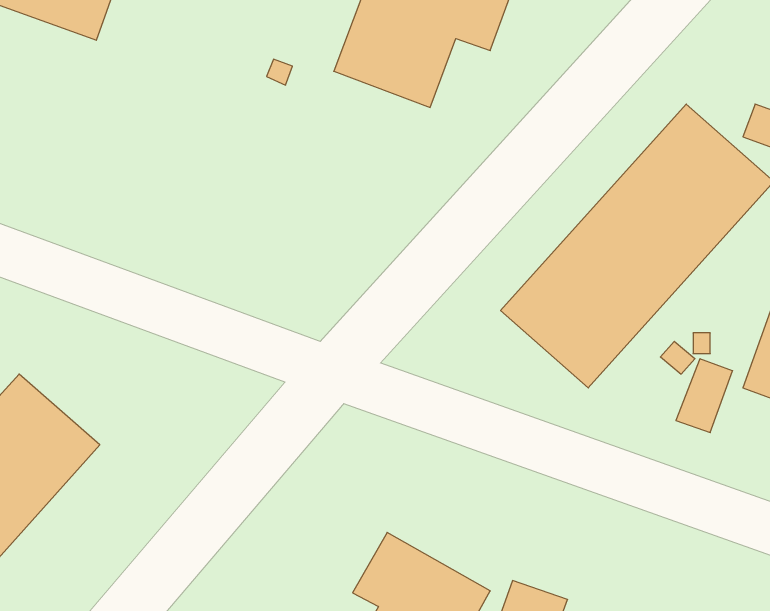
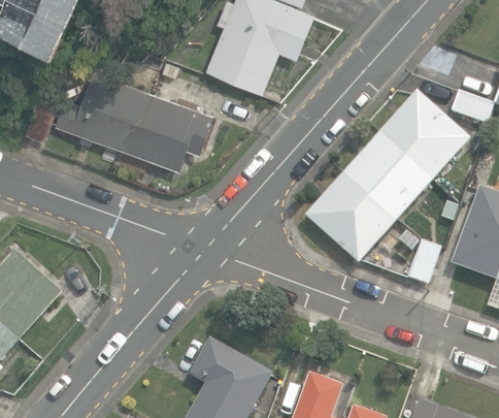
building: none -> [57,70,215,170]

